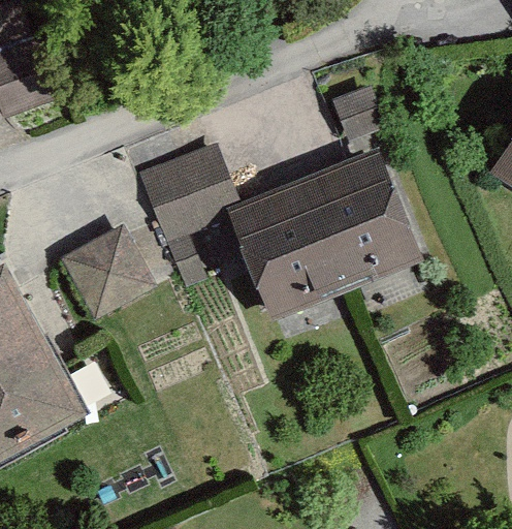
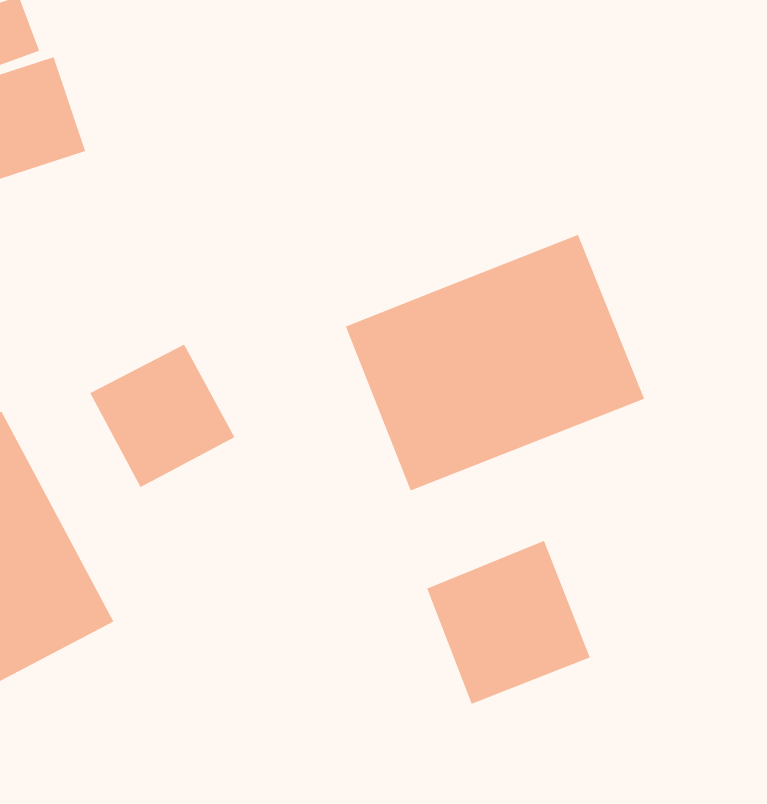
building: [139,143,241,237] -> none
building: none -> [426,540,591,705]

